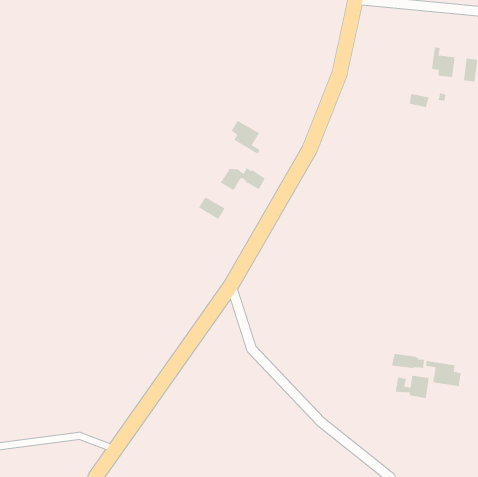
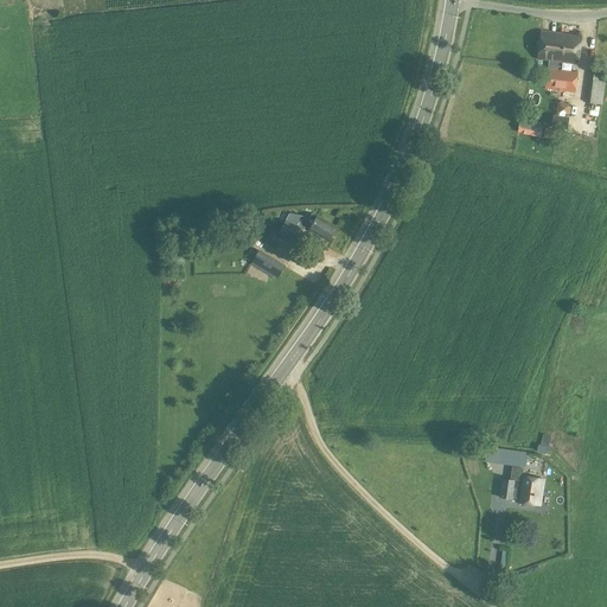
building: none -> [539,31,581,64]
building: [231,120,260,155] -> none
building: [425,360,461,387] -> none

